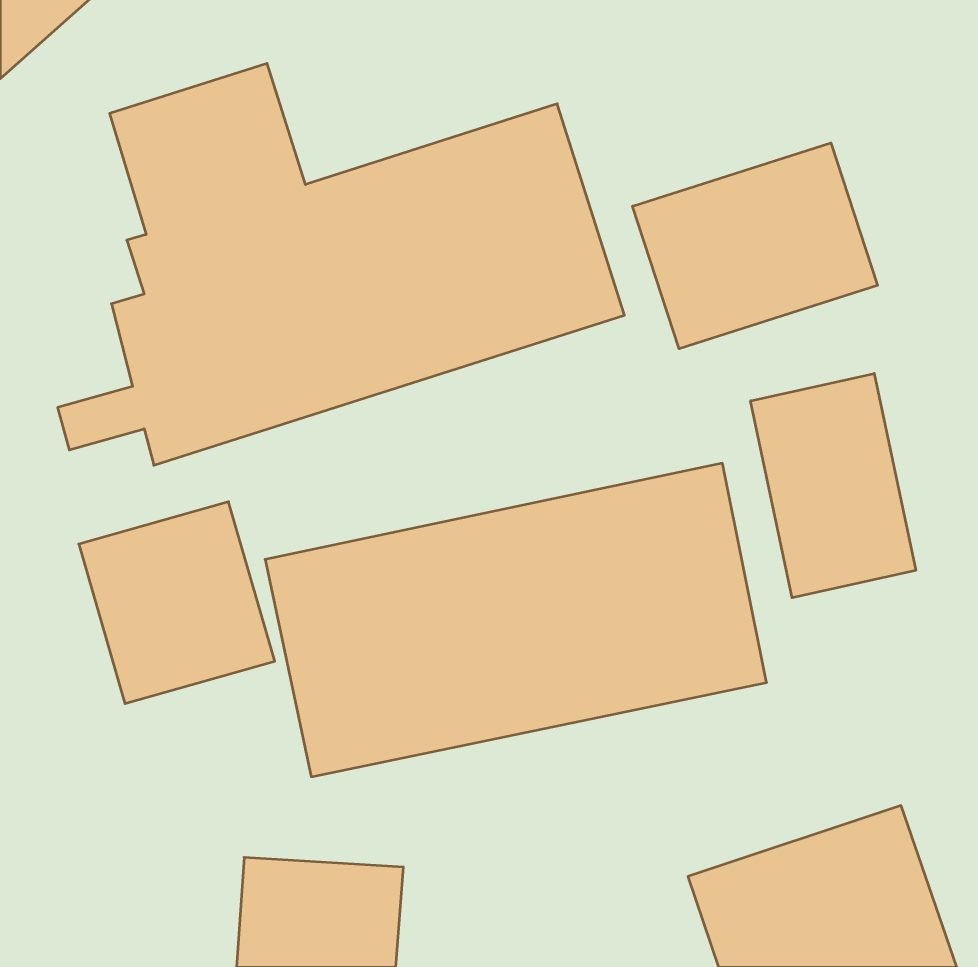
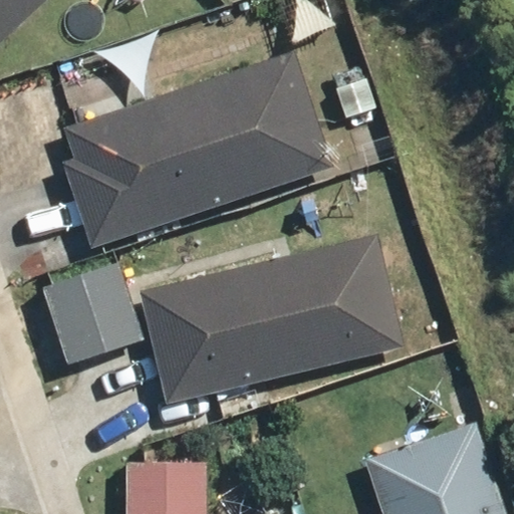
building: [633,143,878,349] -> none
building: [751,373,916,598] -> none

